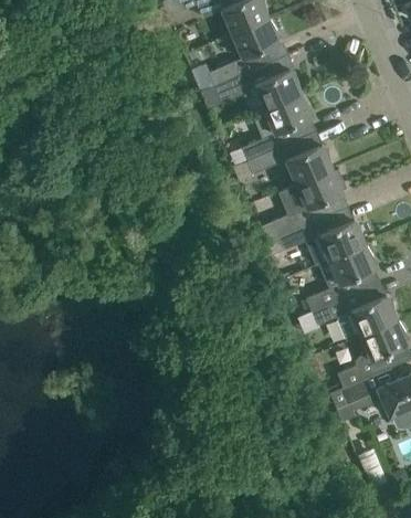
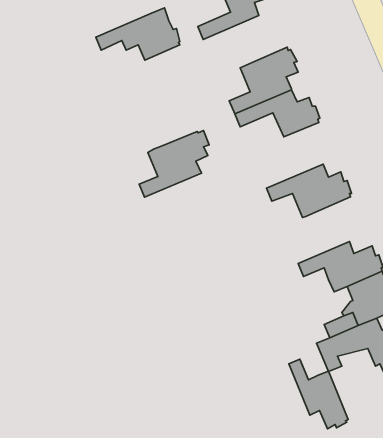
building: [214,56,299,109] -> [96,8,180,60]
building: [273,169,344,236] -> [139,131,209,197]
building: [305,245,375,313] -> none
building: none -> [289,359,348,429]

